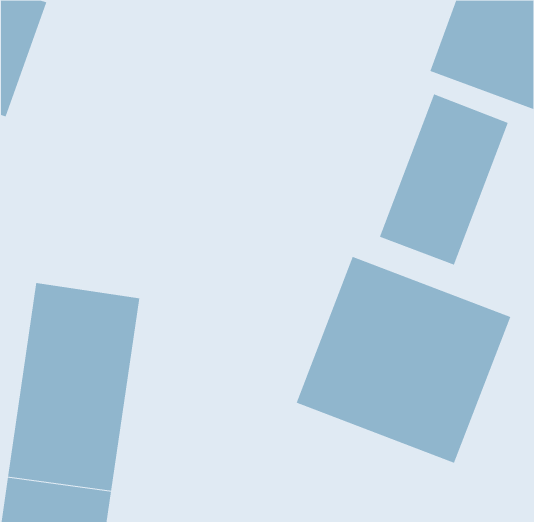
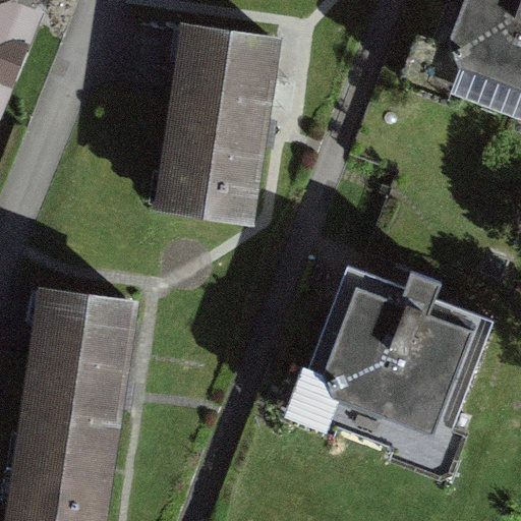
building: none -> [155,22,281,223]
building: [379,93,508,265] -> none

